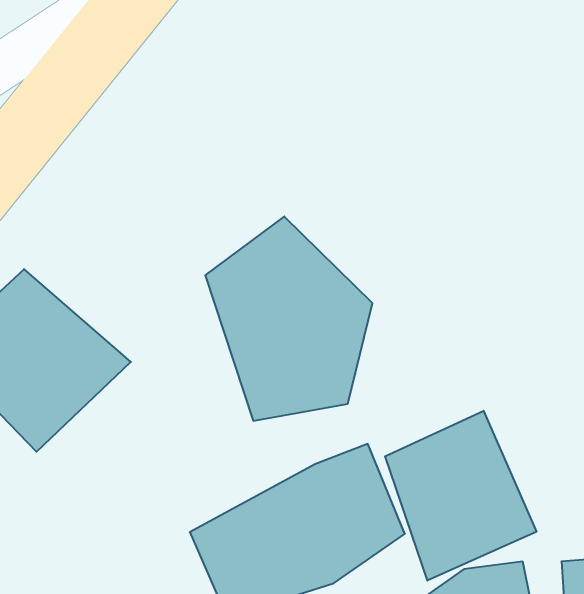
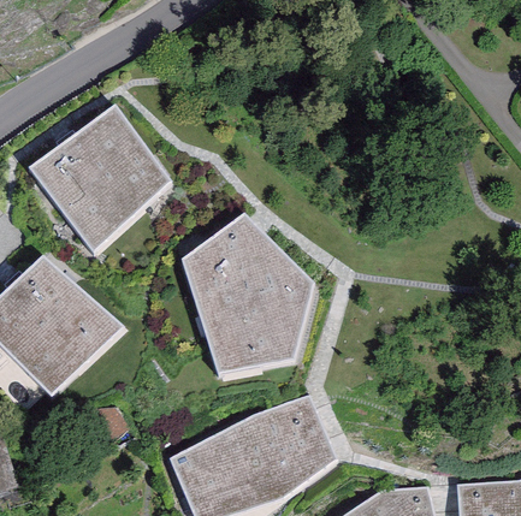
building: none -> [29,105,171,253]
building: [385,411,536,581] -> none

